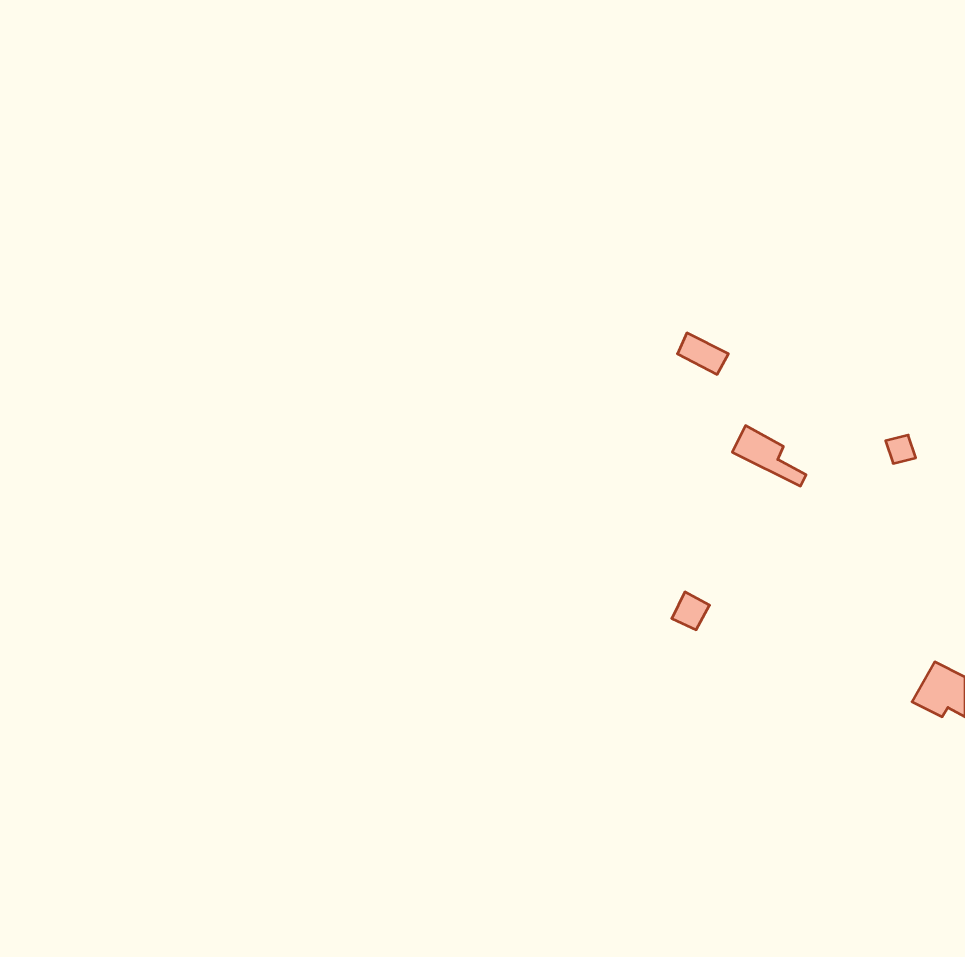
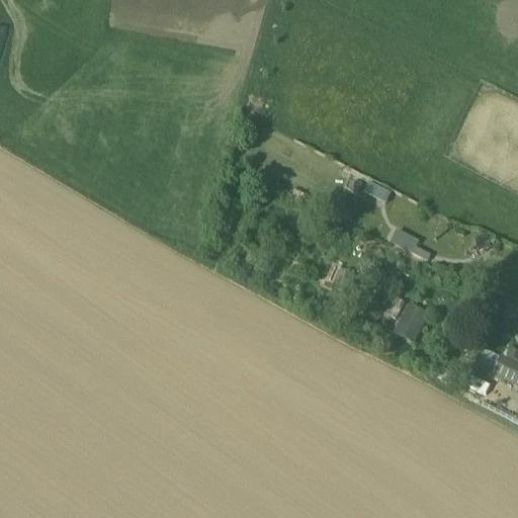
building: none -> [394,304,427,341]

